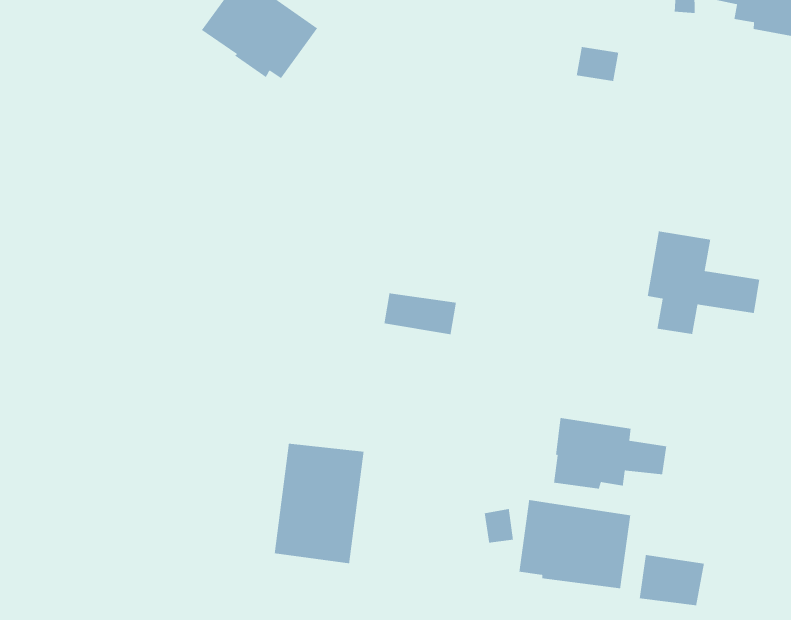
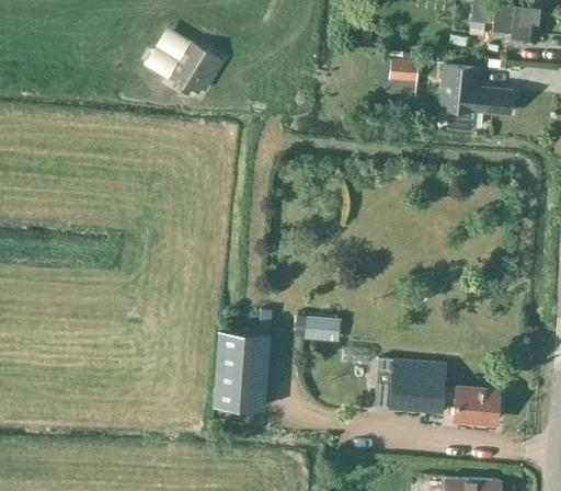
building: [647,230,760,335] -> [439,64,513,130]
building: [383,292,457,335] -> [294,317,341,342]
building: [553,417,667,489] -> none

